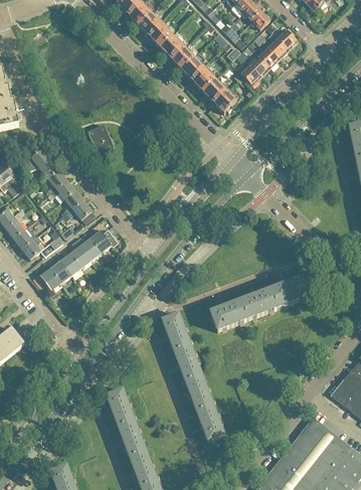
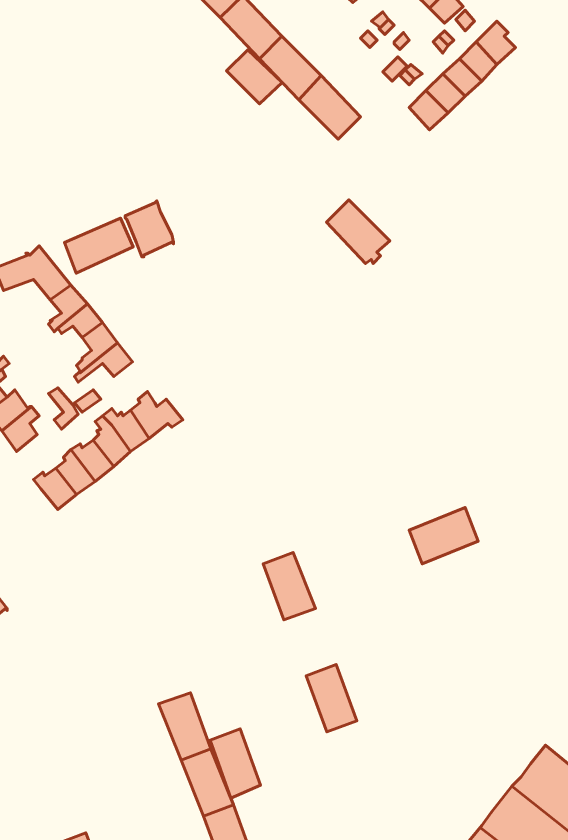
building: none -> [227,50,282,104]
building: [202,78,236,113] -> [326,200,390,263]
building: none -> [64,218,133,273]
building: [270,278,308,307] -> none
building: [210,301,247,330] -> none
building: [173,343,201,379] -> none
building: [196,403,223,441] -> [210,729,261,798]

